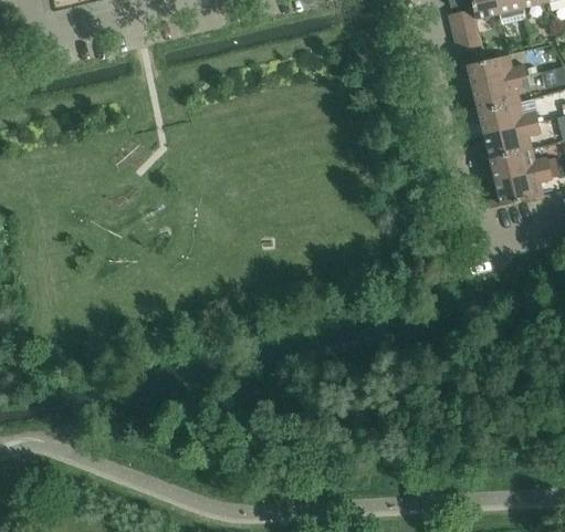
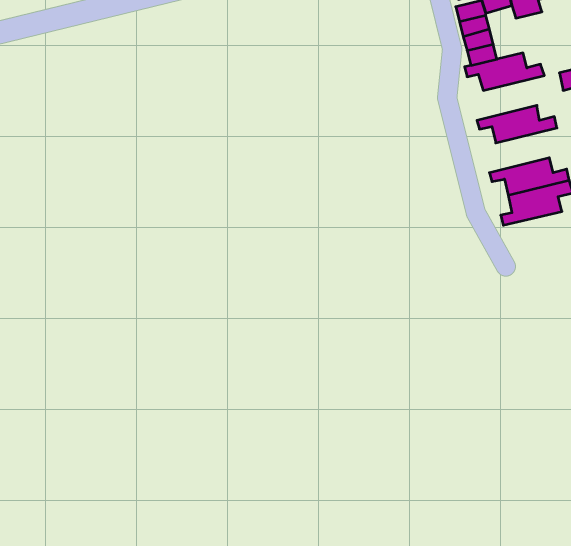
building: [465,73,530,113] -> none
building: [477,119,541,159] -> none

